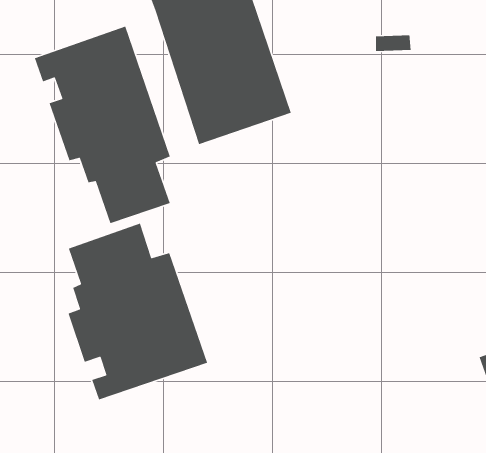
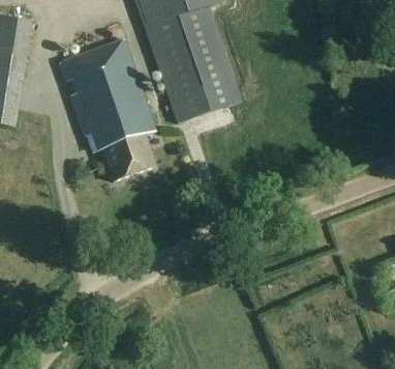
building: [68,223,208,401] -> none

